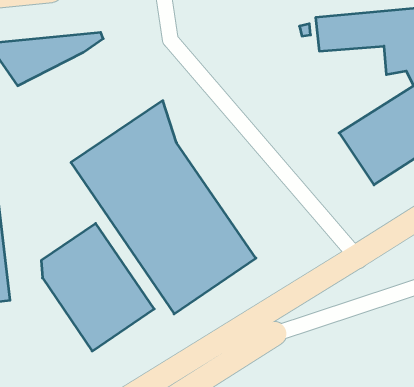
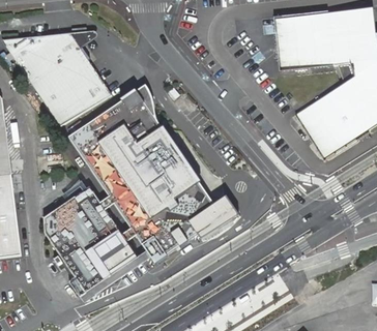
building: none -> [278,40,334,69]
building: none -> [26,46,113,123]

